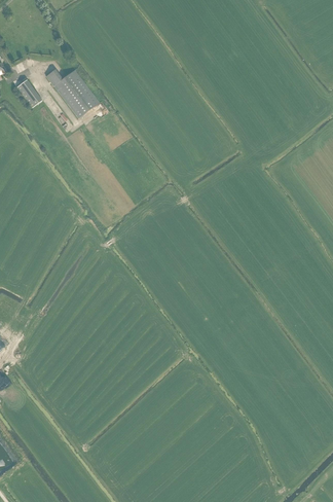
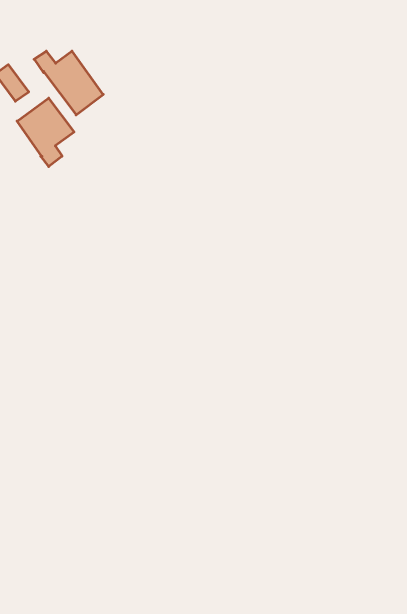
building: none -> [17,98,74,167]

